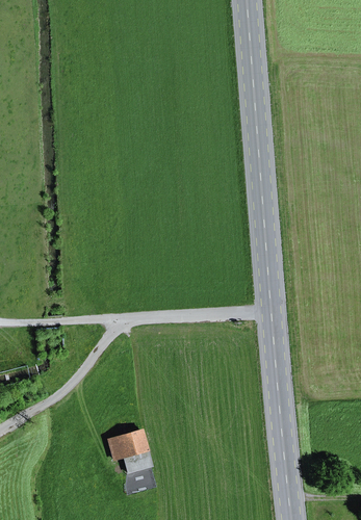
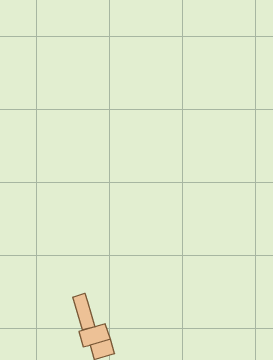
building: none -> [73,293,95,330]

